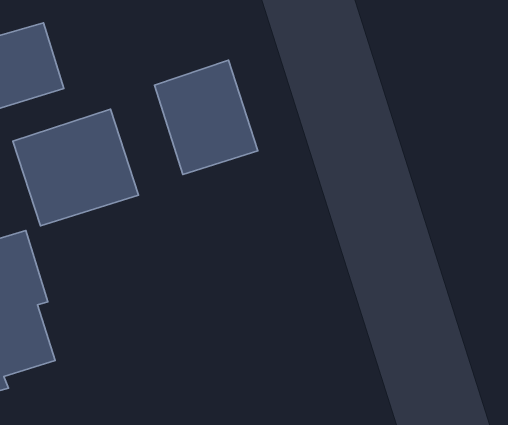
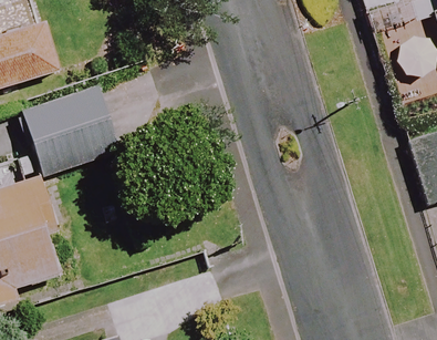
building: [154,60,258,174] -> none

